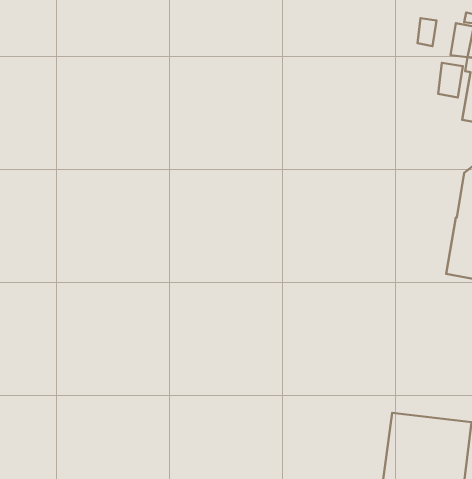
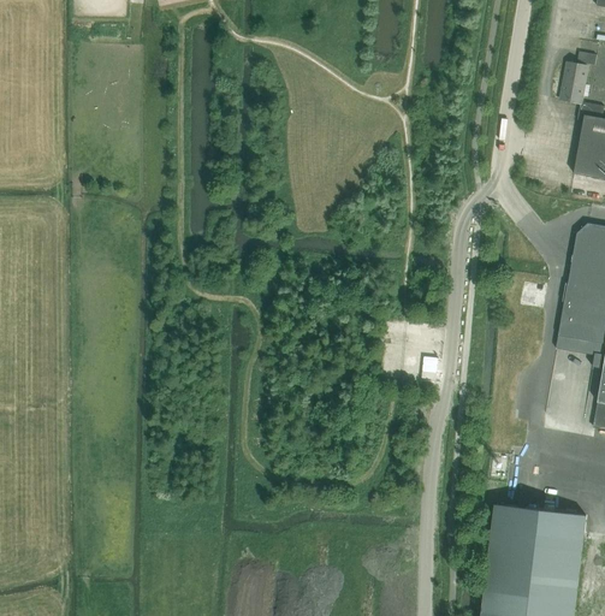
building: [418,18,437,46] -> none
building: [438,63,463,98] -> none

